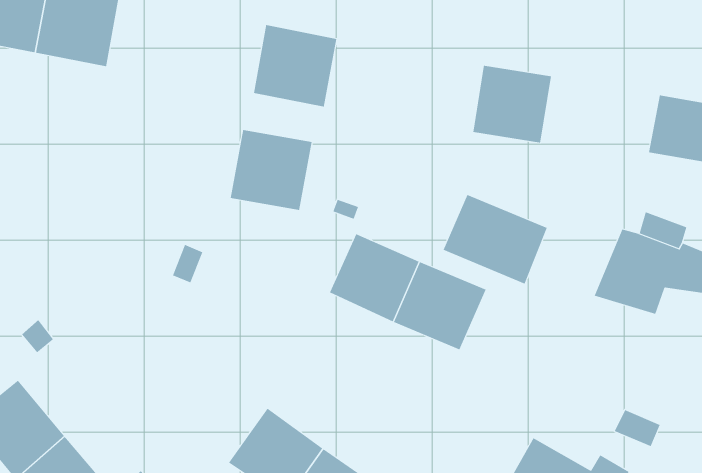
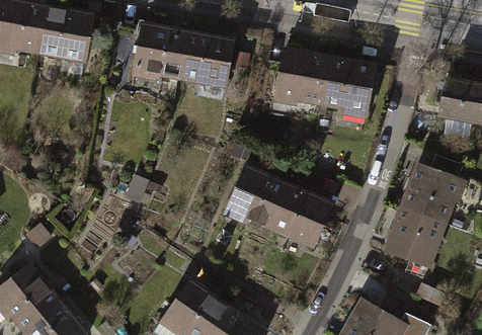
building: none -> [274,52,329,103]
building: [230,129,312,210] -> [134,25,187,78]
building: [443,194,547,284] -> none
building: none -> [387,210,441,266]

